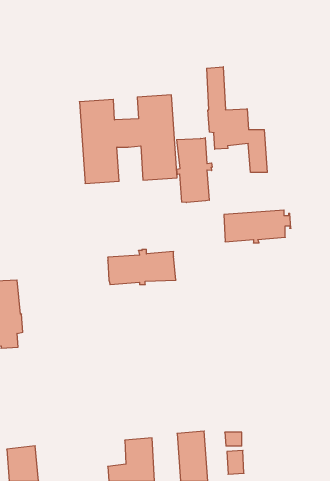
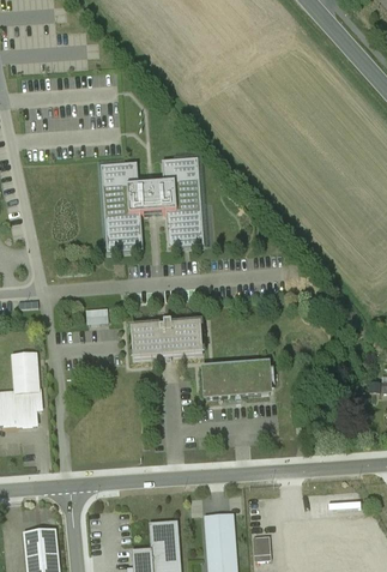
building: [207,67,267,172] -> none
building: [177,138,212,203] -> none
building: [224,210,291,243] -> [204,362,274,397]

